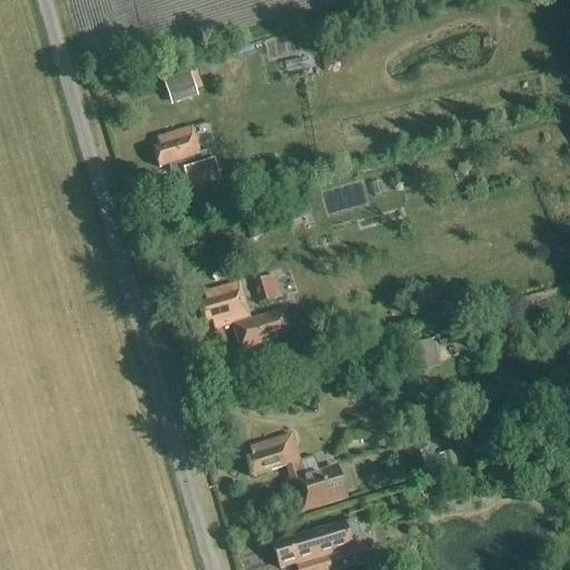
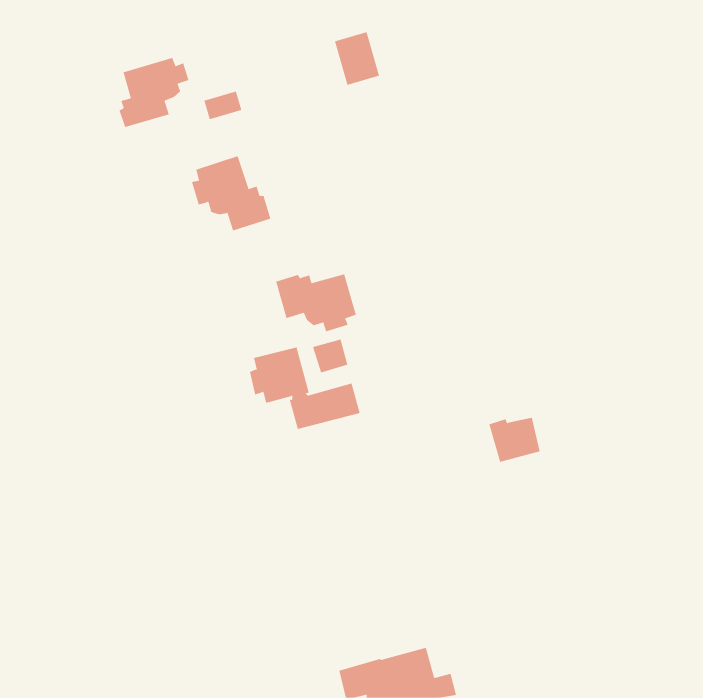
building: none -> [119,57,189,128]
building: none -> [275,274,356,332]
building: [245,431,347,513] -> none

